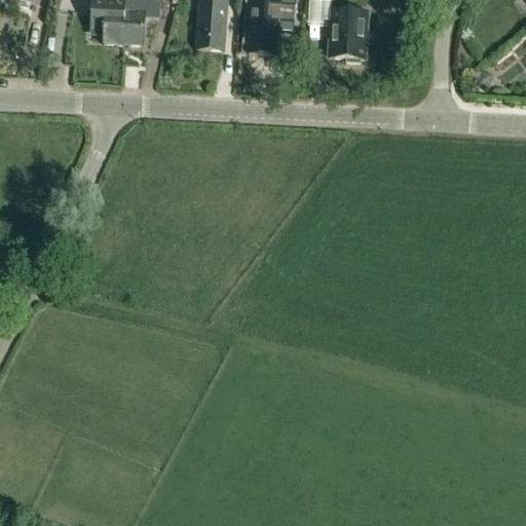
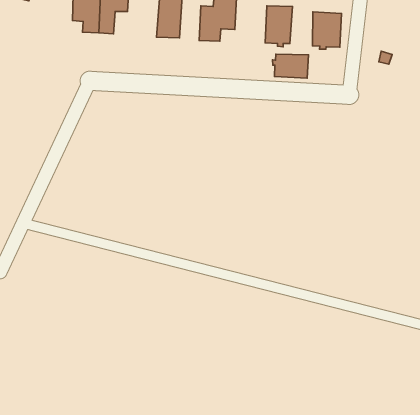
building: none -> [312,12,341,49]
building: none -> [272,54,309,78]

